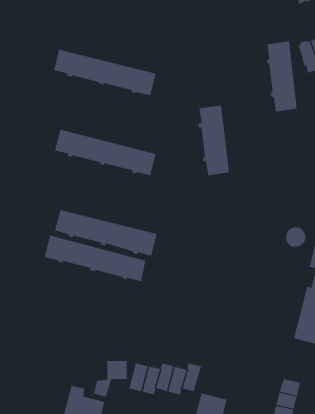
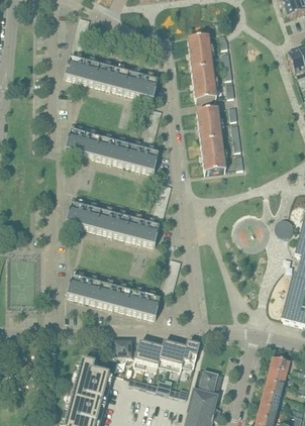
building: [266,41,297,112] -> [188,34,216,99]
building: [44,235,146,282] -> [67,274,160,316]

